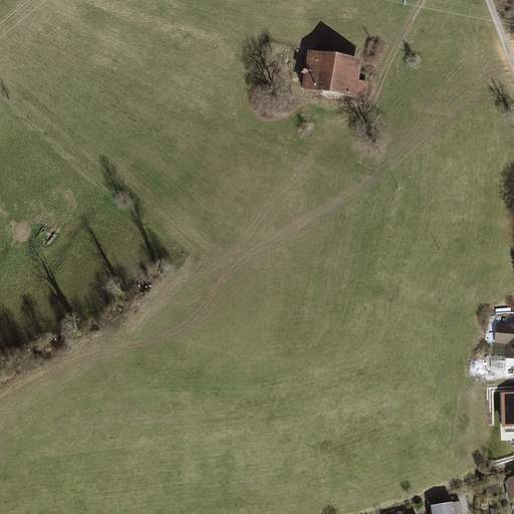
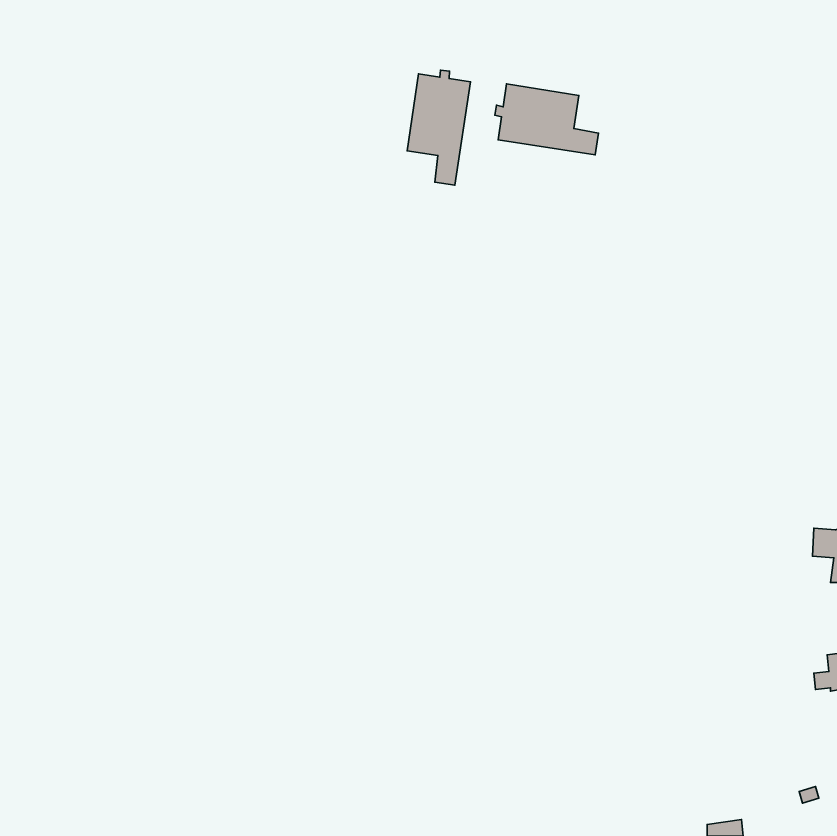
building: none -> [407,70,470,185]

